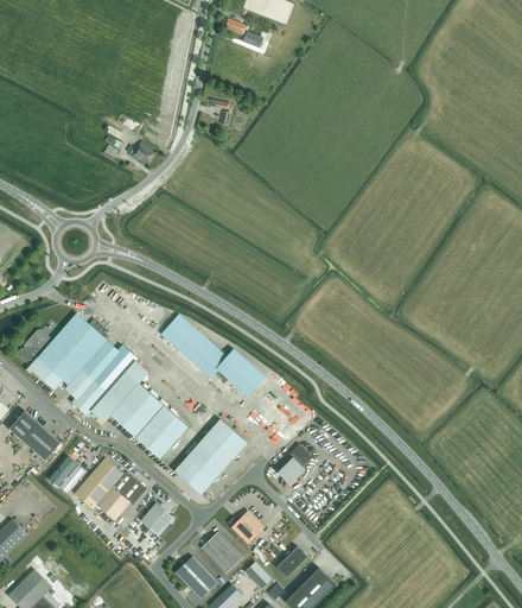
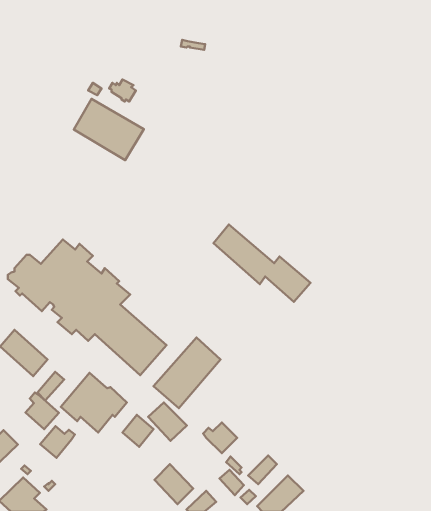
building: none -> [74,99,144,160]
building: [164,316,268,399] -> [213,225,310,302]
building: [278,444,312,486] -> none
building: none -> [25,393,59,429]
building: none -> [40,426,75,458]
building: [202,532,243,574] -> [148,402,187,441]

